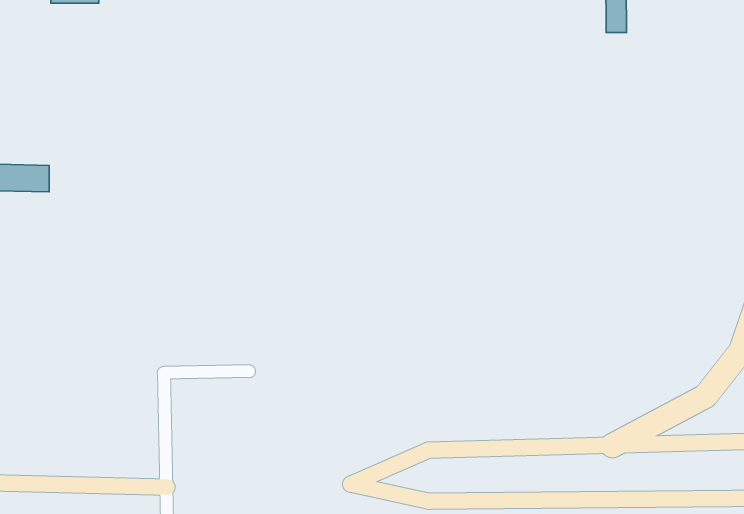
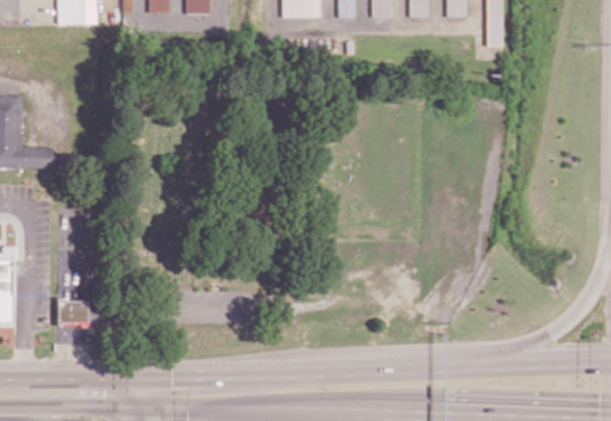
building: none -> [56,301,86,324]

